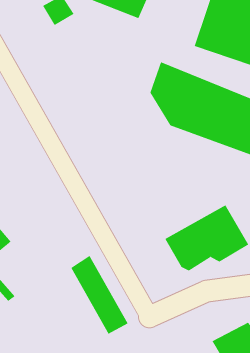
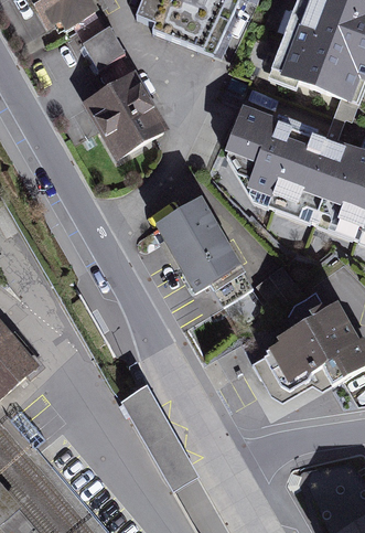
building: none -> [76,61,164,150]
building: none -> [149,184,251,298]

